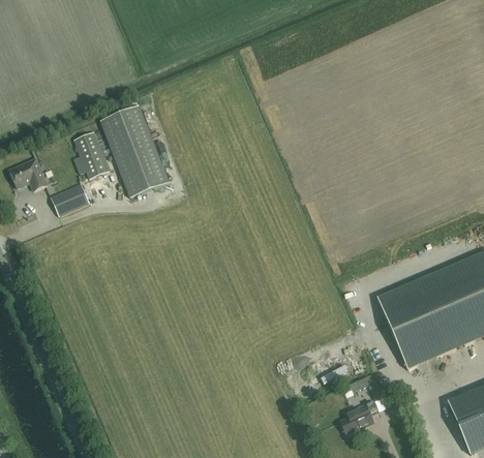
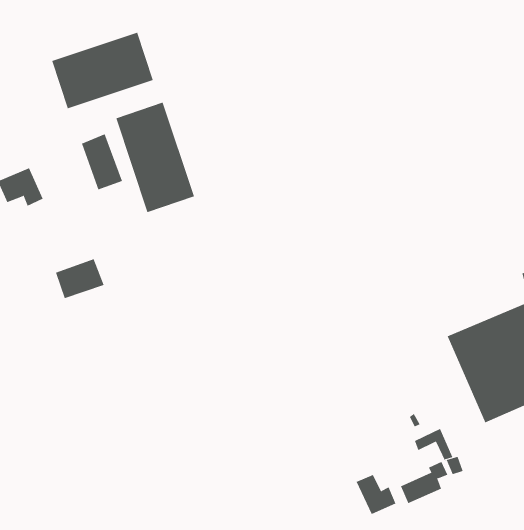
building: none -> [52,32,153,109]
building: [52,182,92,215] -> [55,259,104,299]
building: none -> [356,474,396,515]

